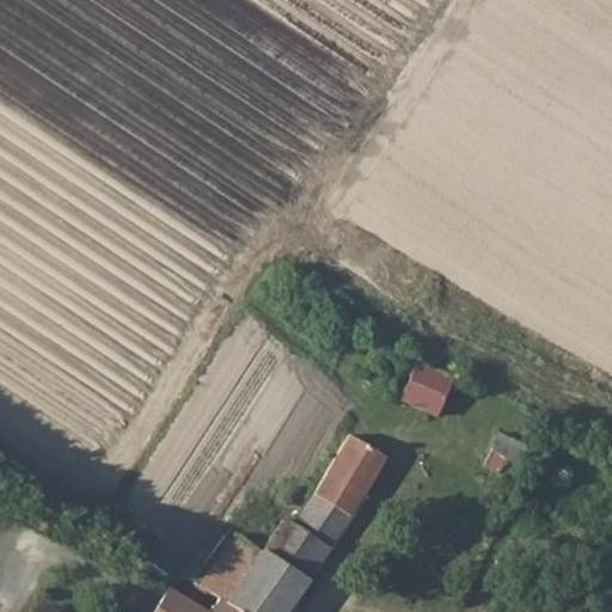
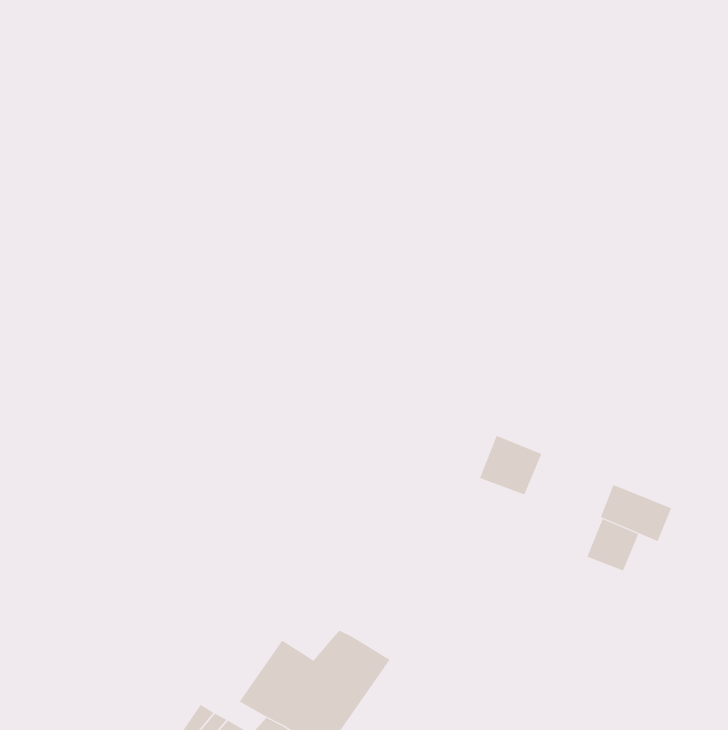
building: none -> [600,484,672,542]
building: [298,436,387,552] -> none

